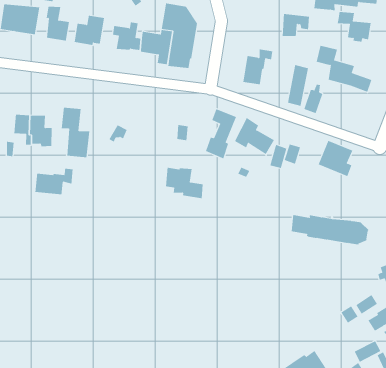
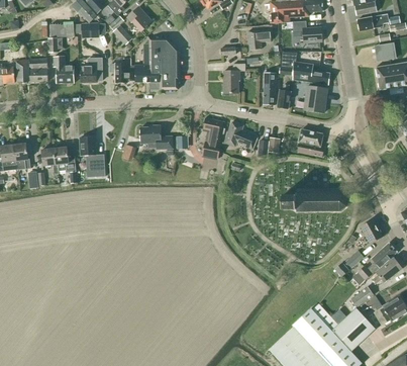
building: none -> [304,86,327,112]
building: [165,167,204,199] -> [139,125,173,149]
building: [35,168,73,195] -> none

